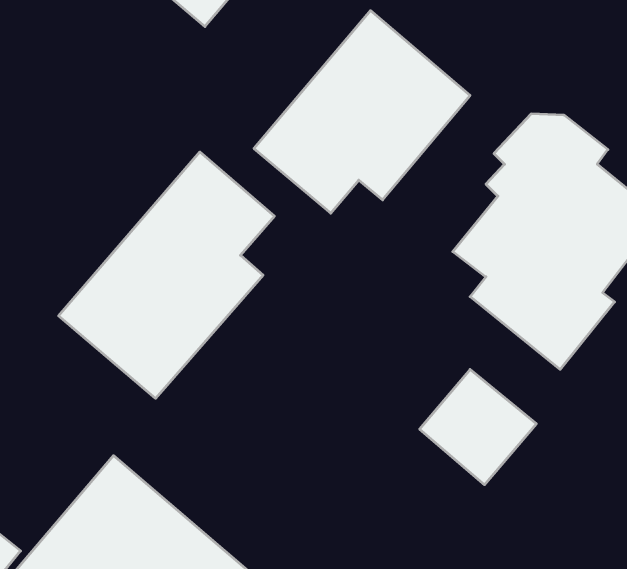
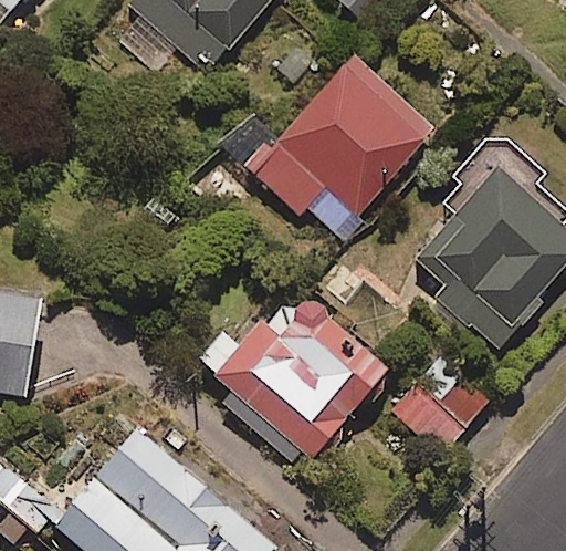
building: [59,152,274,398] -> none
building: none -> [195,287,386,468]

